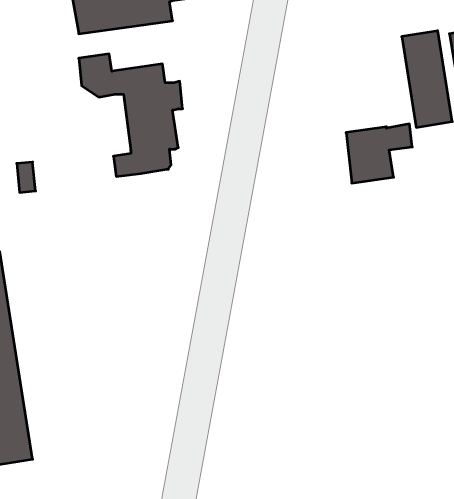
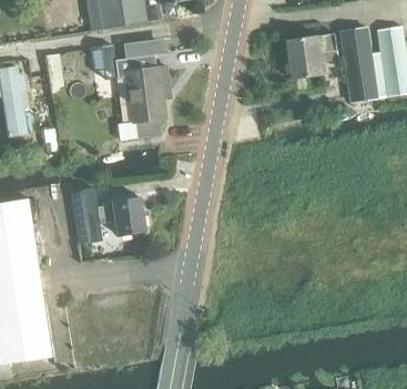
building: [346,124,412,183] -> [285,32,336,78]
building: none -> [72,188,146,246]

